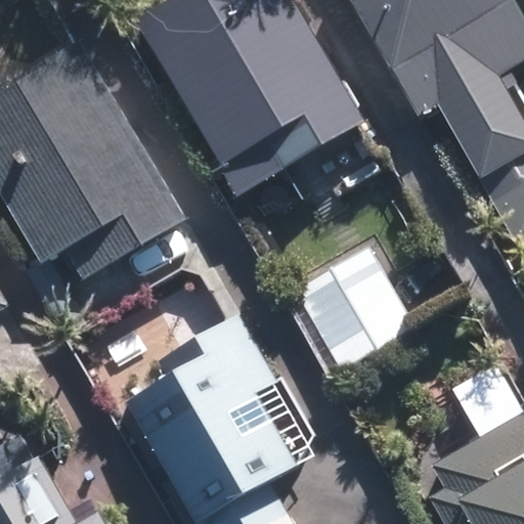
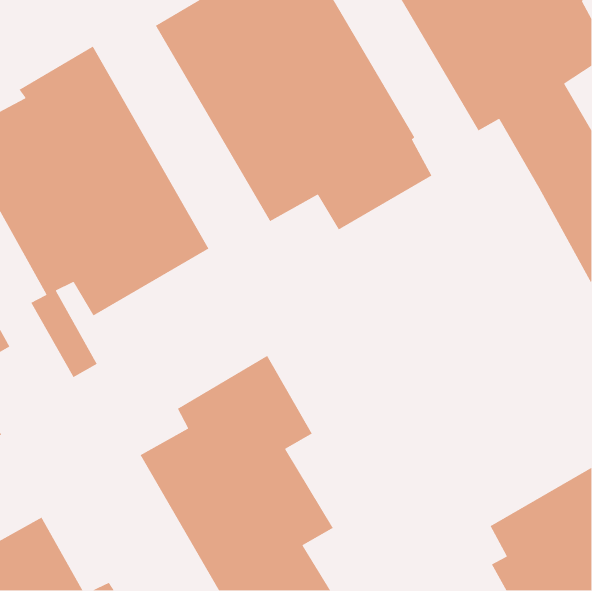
building: [294,246,416,367] -> none

